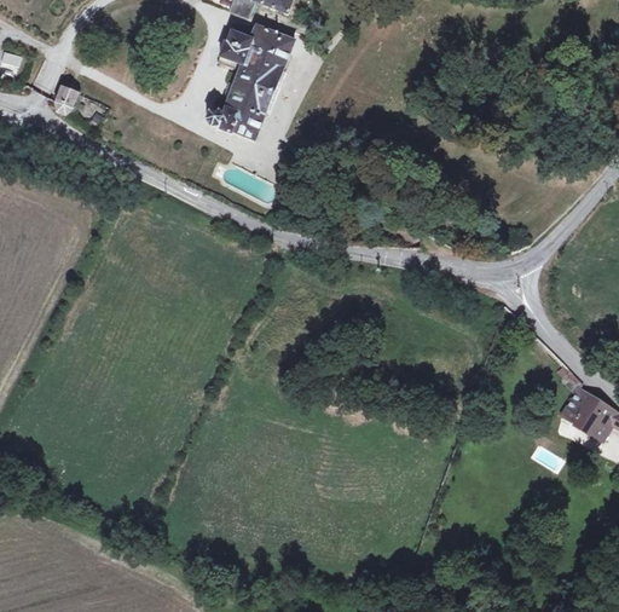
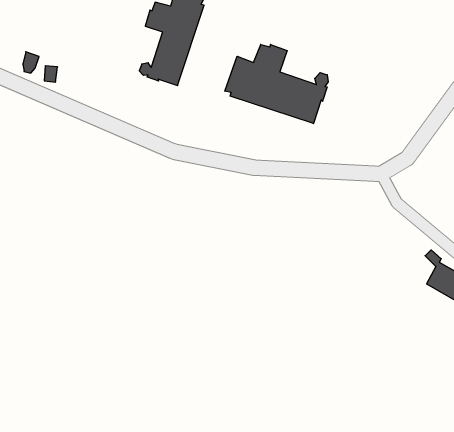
building: none -> [225,44,328,124]

